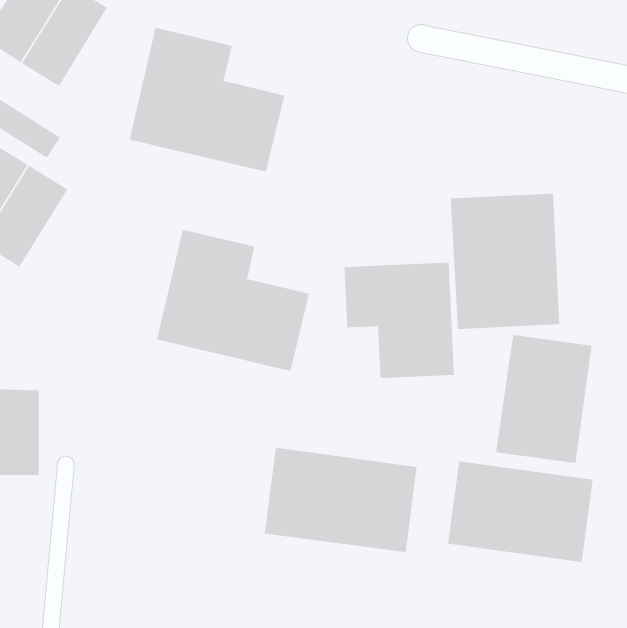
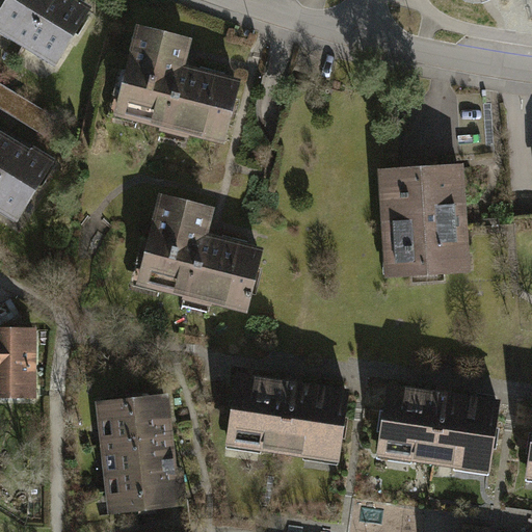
building: [344,262,455,379] -> none
building: [496,334,592,464] -> none
building: none -> [96,395,187,511]

